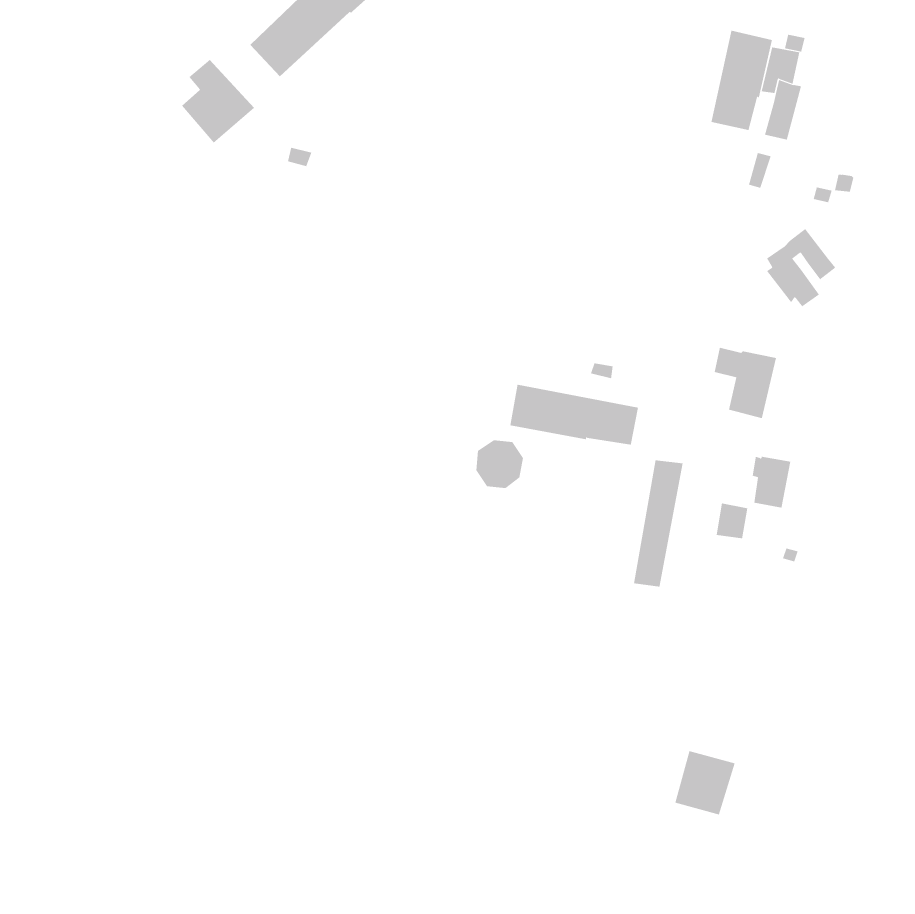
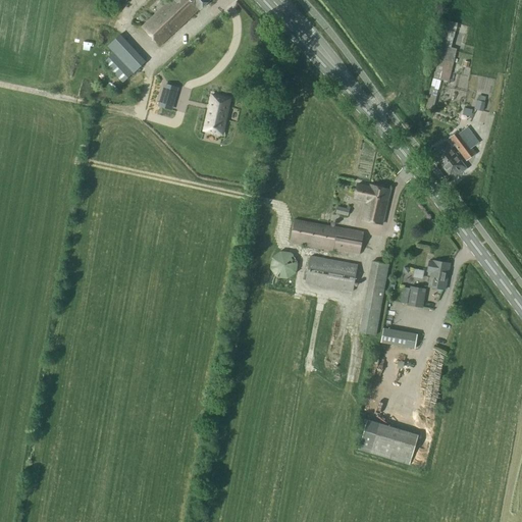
building: [711,30,773,131] -> none
building: none -> [206,94,230,128]
building: [714,347,777,419] -> [355,182,390,223]
building: none -> [306,255,359,291]
building: none -> [381,326,418,347]
building: none -> [359,419,393,456]

